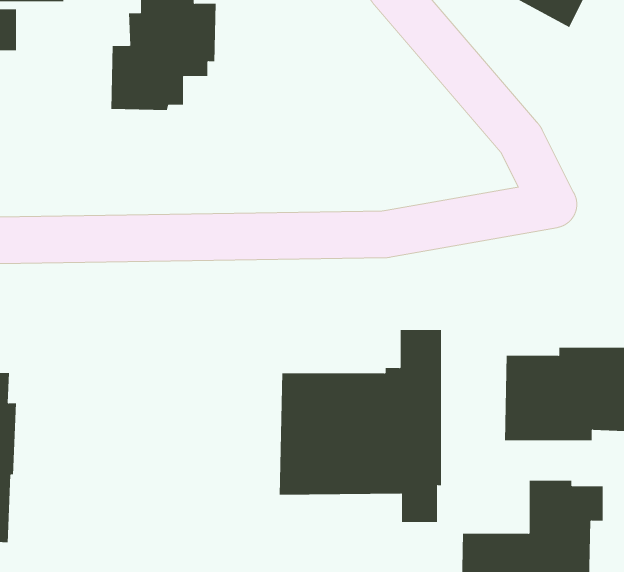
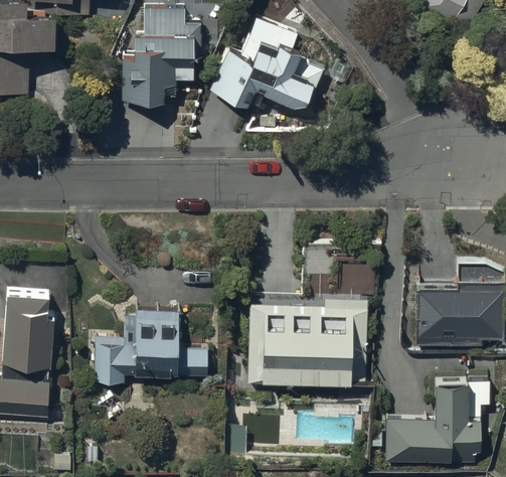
building: none -> [216,26,327,109]
building: none -> [94,305,209,383]

